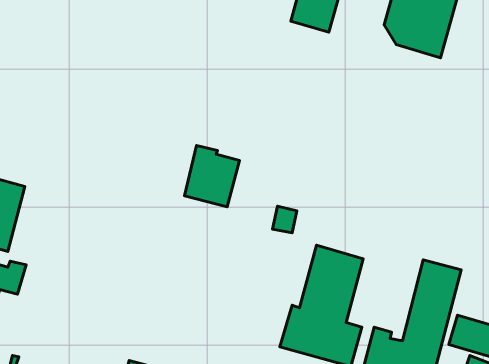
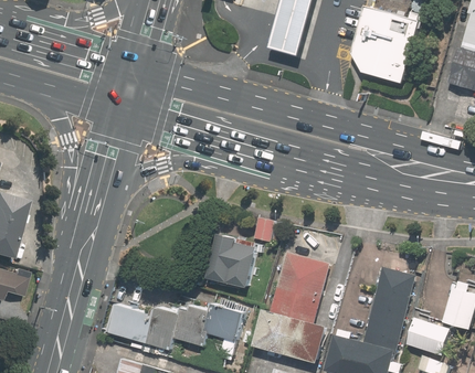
building: [184,146,240,207] -> [197,236,246,291]
building: none -> [107,302,247,351]

